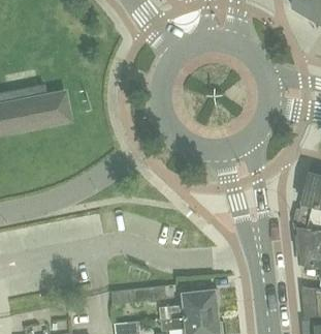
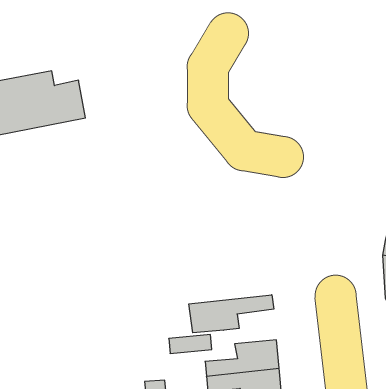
building: none -> [189,295,274,333]

